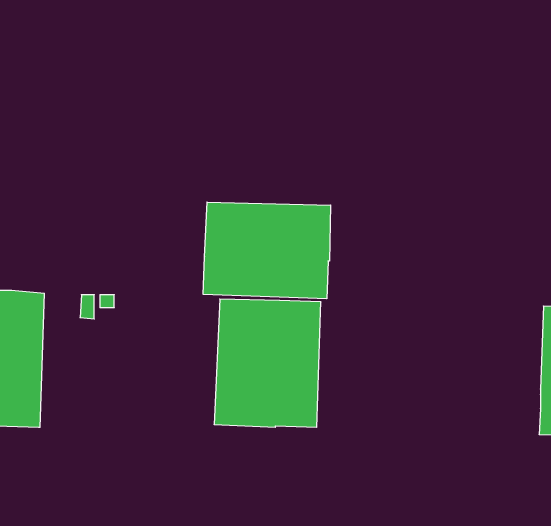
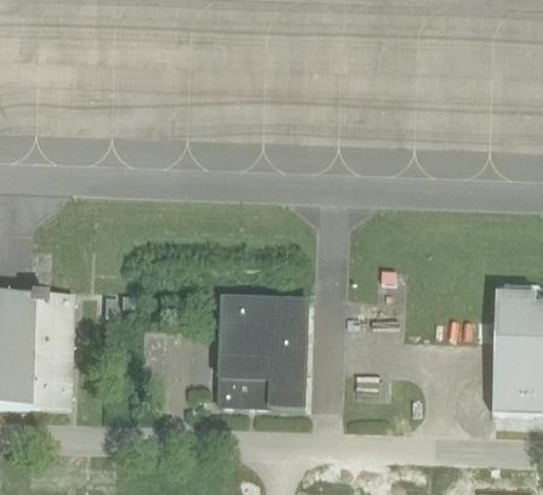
building: [203,202,331,299] -> none

